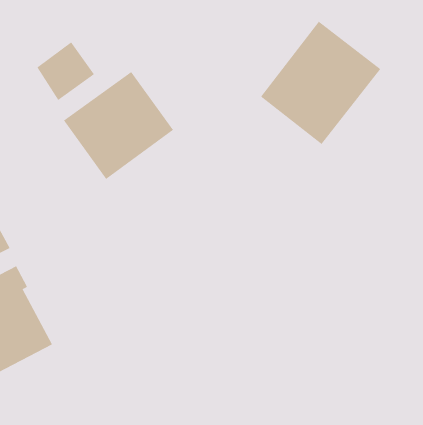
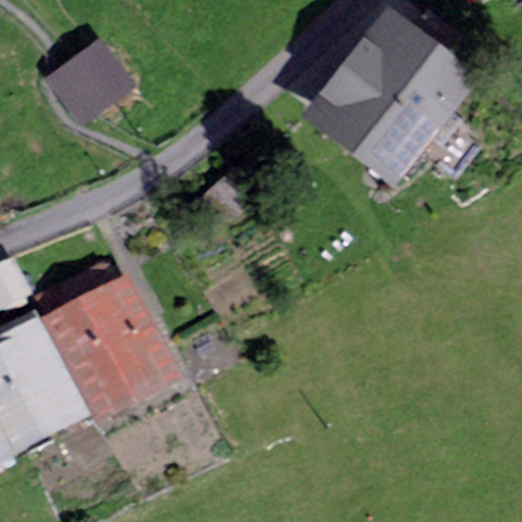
building: [63,71,174,180] -> none
building: none -> [39,270,171,425]

